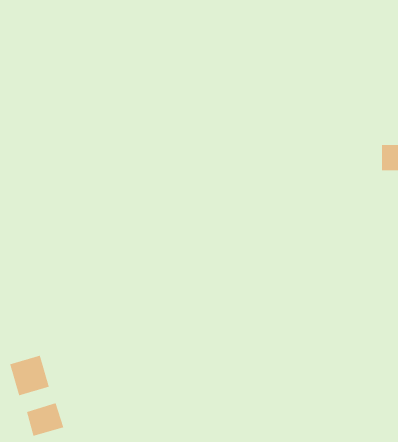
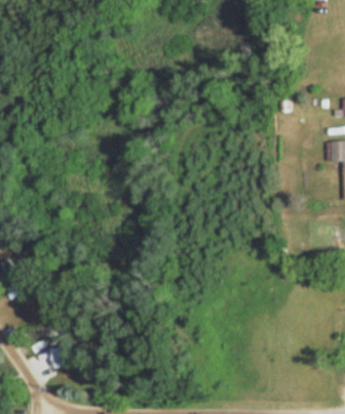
building: [9,355,50,396] -> none

